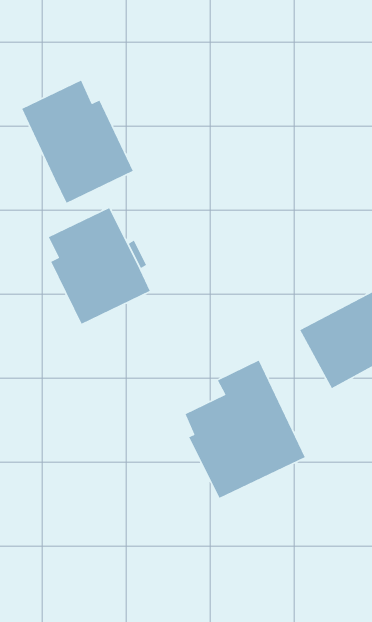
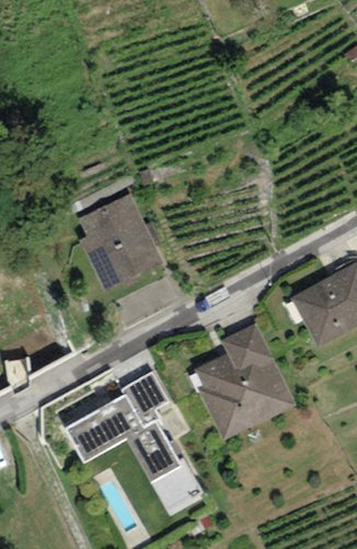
building: [21,79,134,204] -> none
building: none -> [64,371,203,512]

